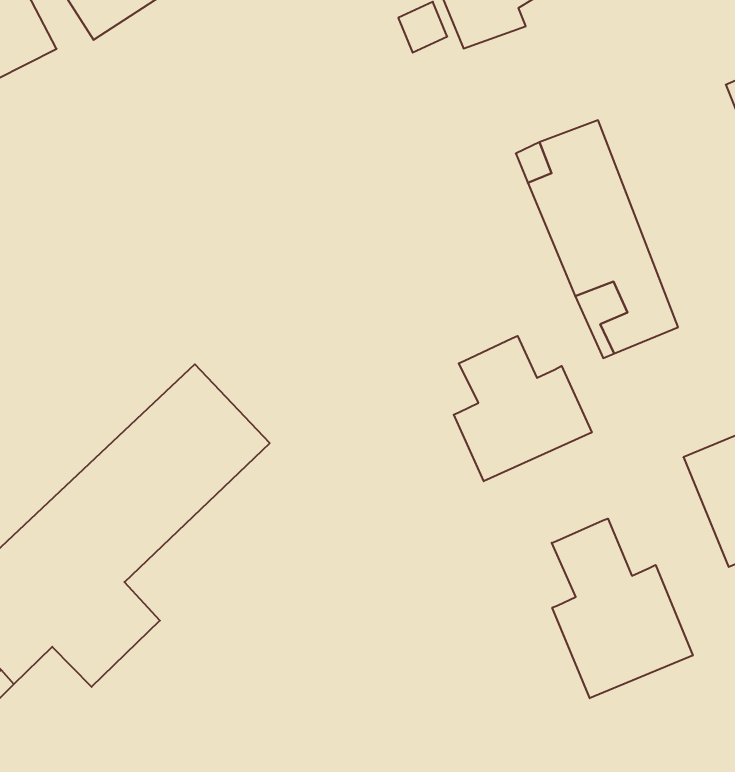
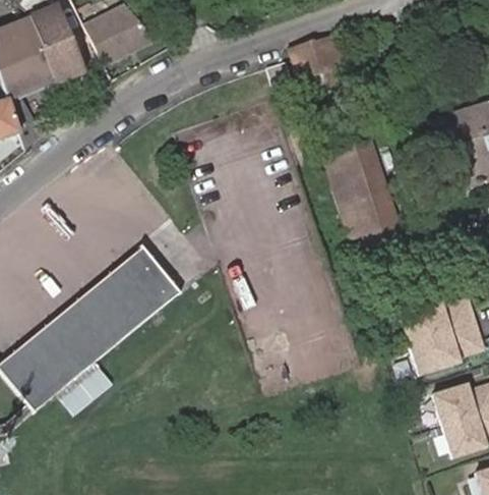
building: [454,336,592,481] -> none
building: [552,519,693,698] -> none

